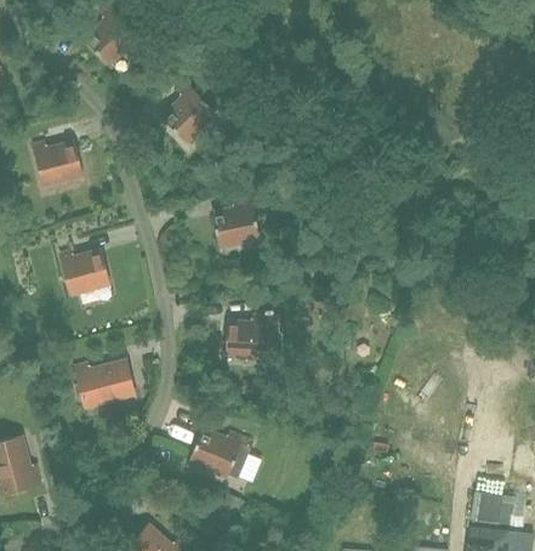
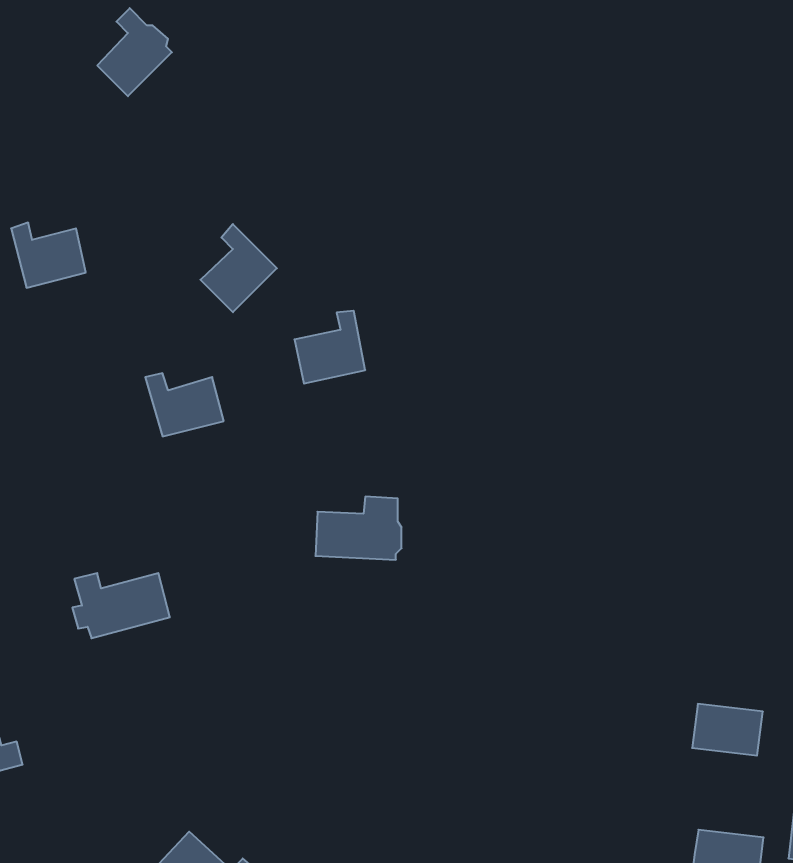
building: [165,84,214,140] -> [200,224,277,312]
building: [59,251,109,291] -> [145,373,224,436]
building: [192,433,252,478] -> none
building: [469,493,514,526] -> [692,704,763,756]

